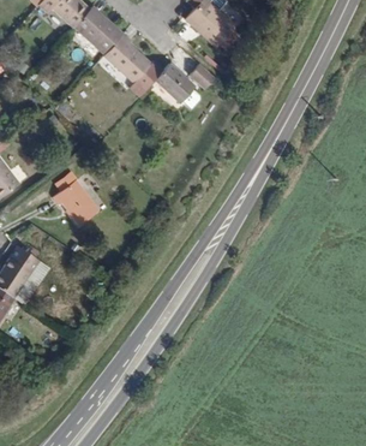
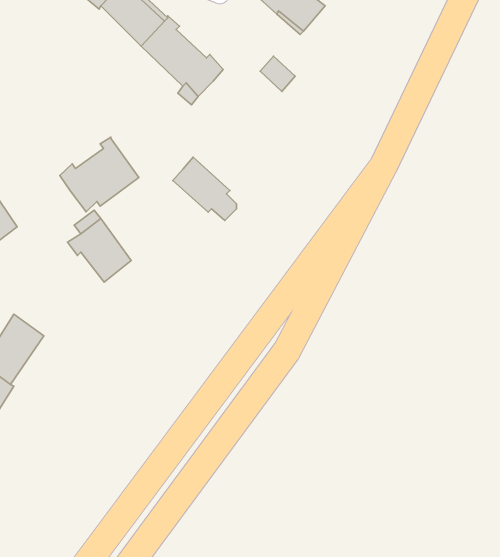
building: [156,63,202,108] -> [173,157,237,221]
building: none -> [60,137,139,212]

